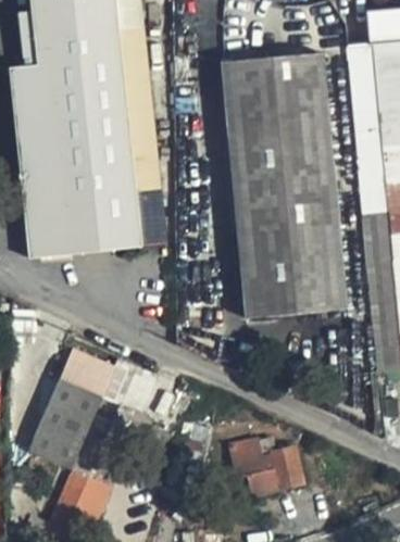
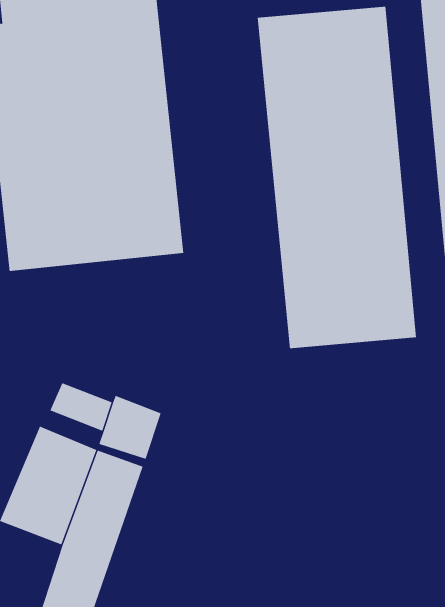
building: [230,439,307,489] -> none

